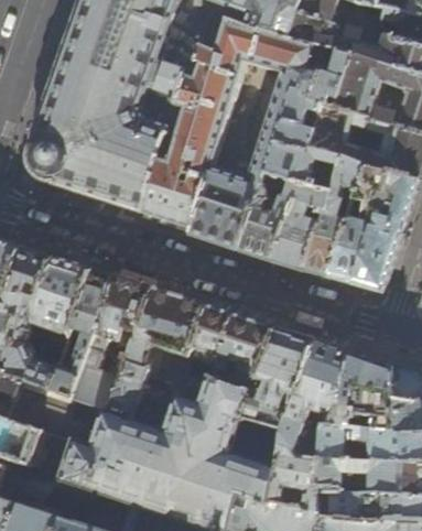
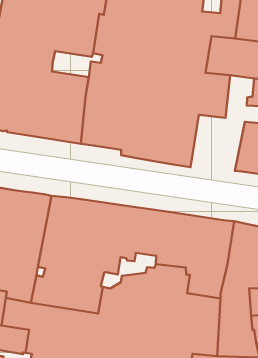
building: [273,158,369,277] -> none

